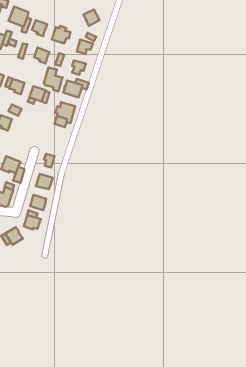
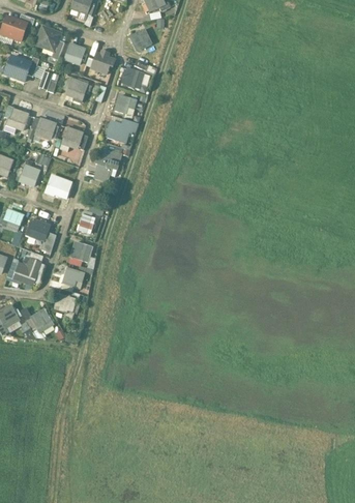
building: [44,67,63,92] -> none
building: none -> [45,174,73,197]

